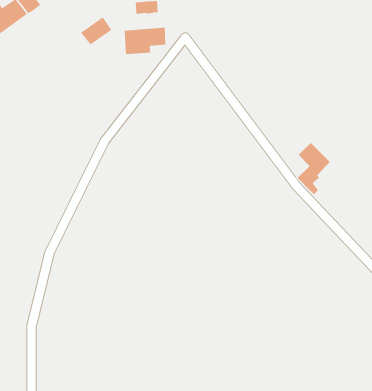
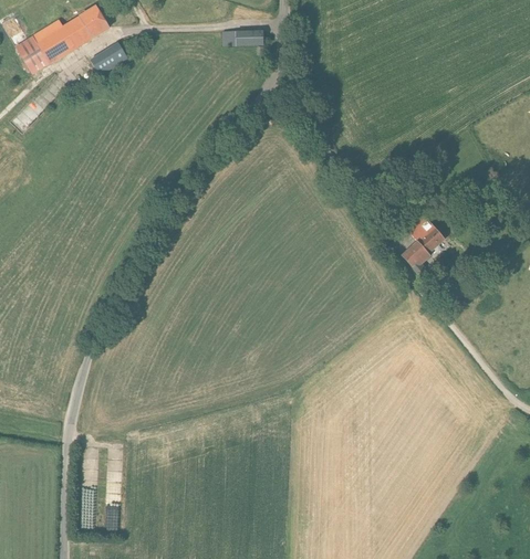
building: [80,17,112,45] -> [90,41,128,74]
building: [124,27,166,55] -> none

